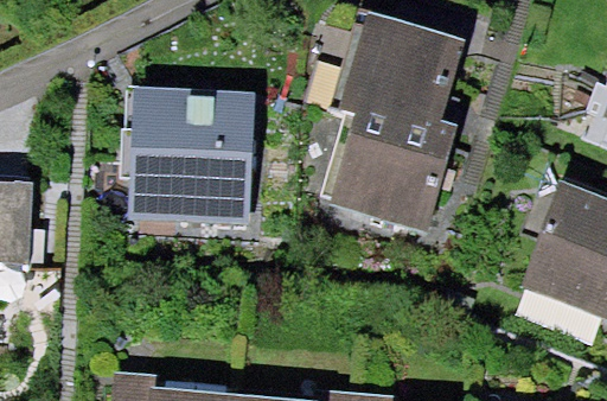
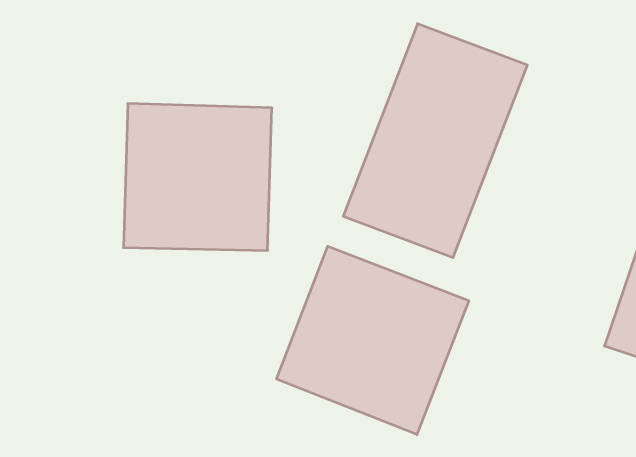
building: none -> [277,246,469,435]

